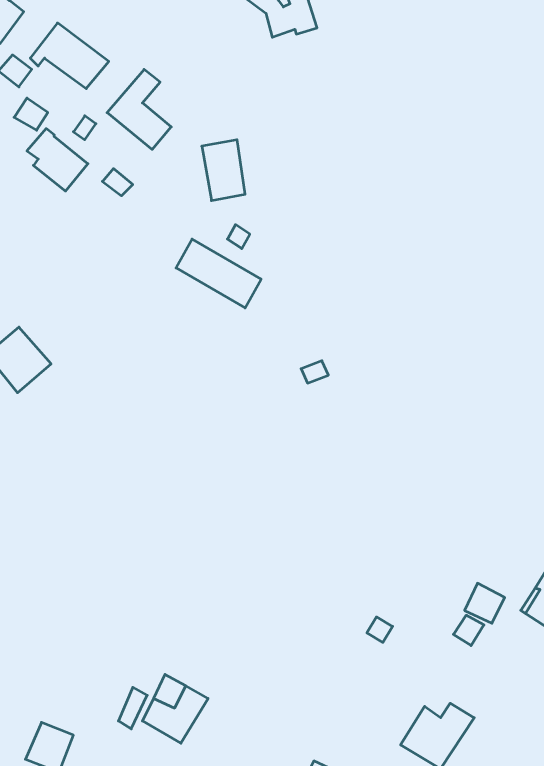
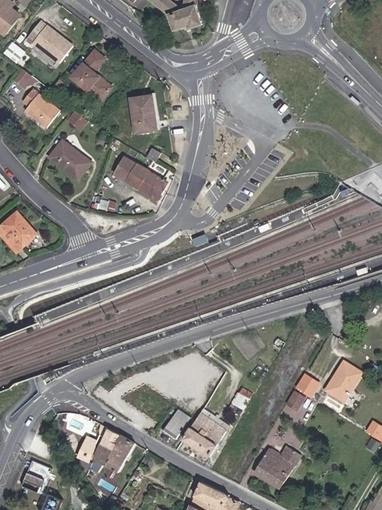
building: none -> [49,141,90,180]
building: none -> [163,409,190,439]
building: none -> [183,410,227,455]

